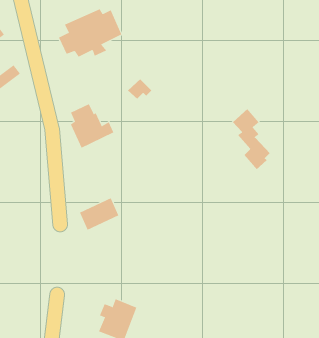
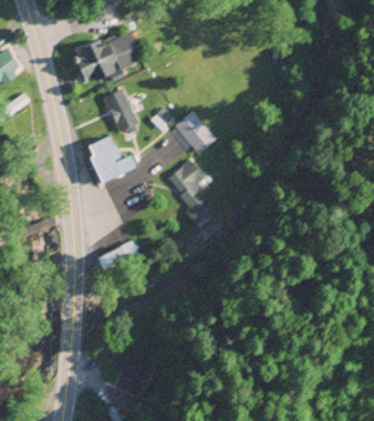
building: none -> [105,90,138,134]
building: none -> [176,111,217,153]
building: [232,108,270,170] -> [173,162,215,230]

